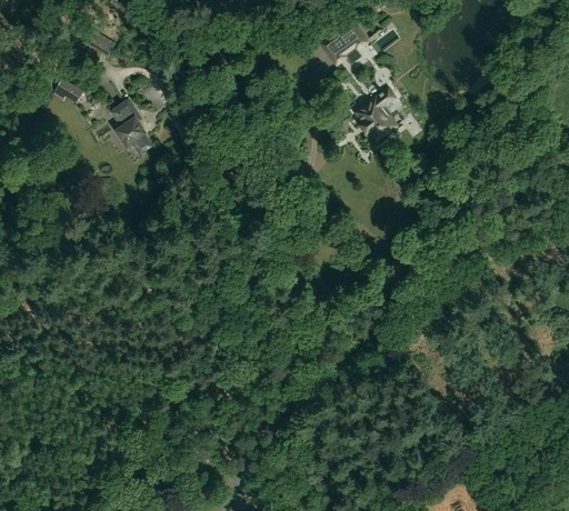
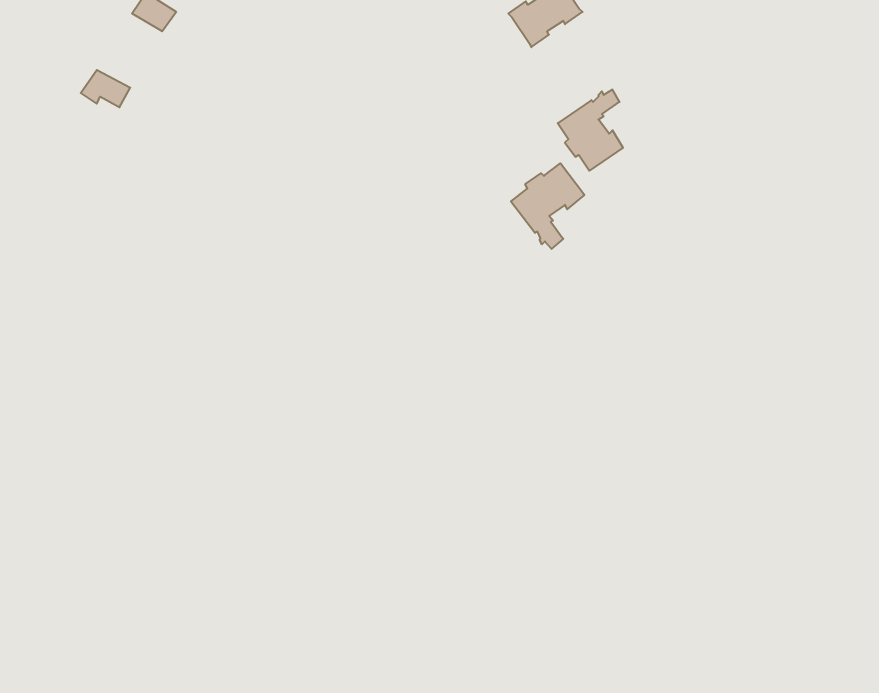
building: [109,97,152,153] -> none
building: none -> [511,163,584,249]

